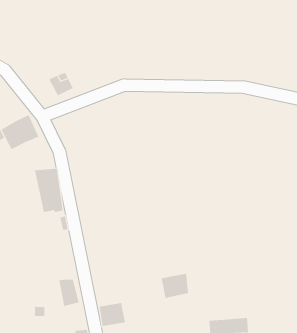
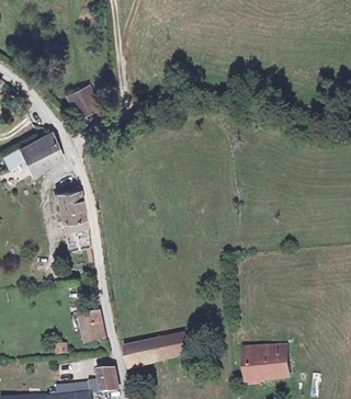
building: [161,273,189,298] -> [149,332,180,360]
building: none -> [258,338,286,356]

